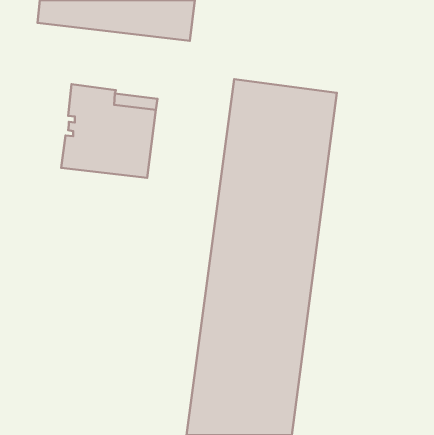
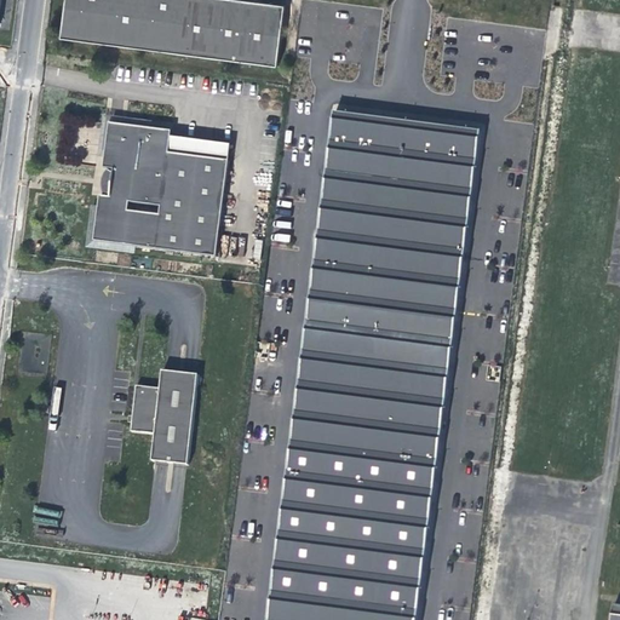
building: none -> [127,368,196,464]

